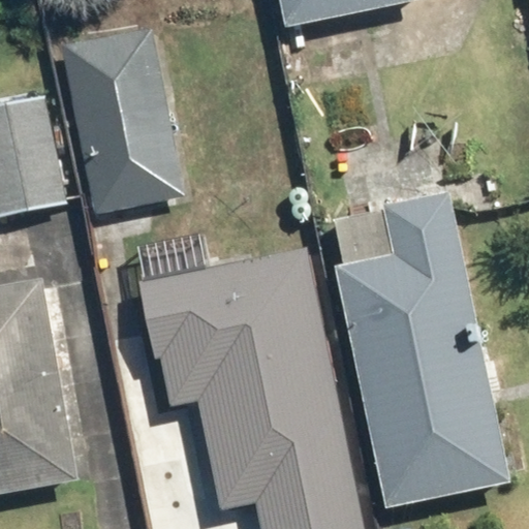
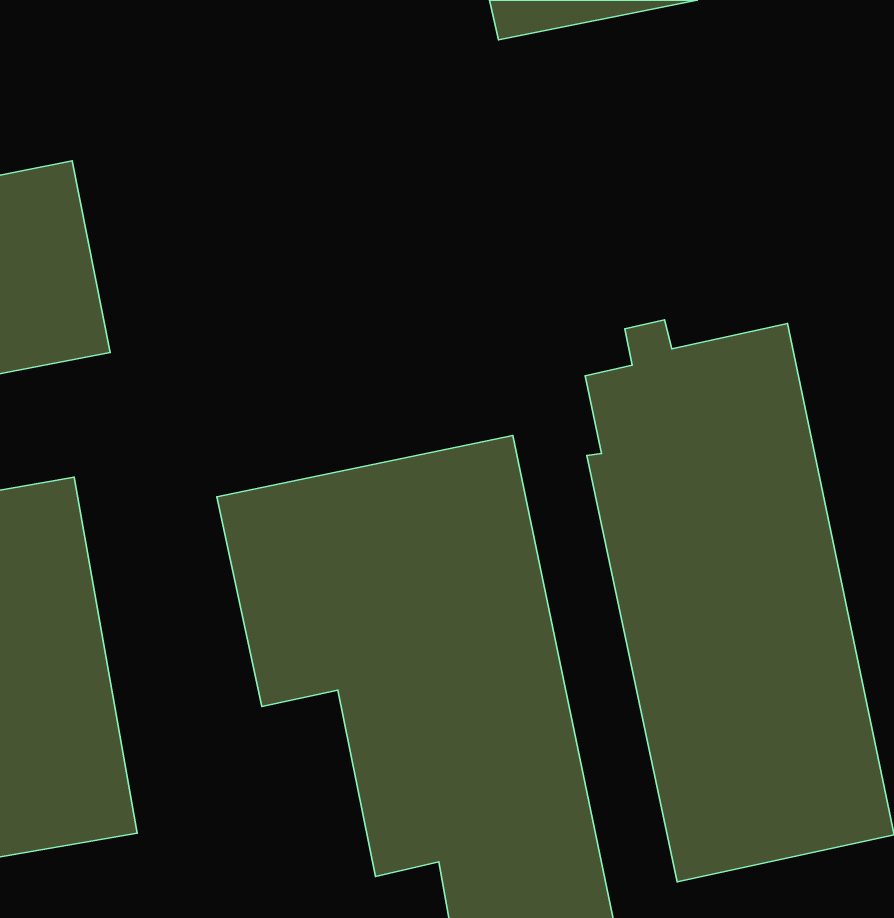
building: [58,27,183,215] -> none

